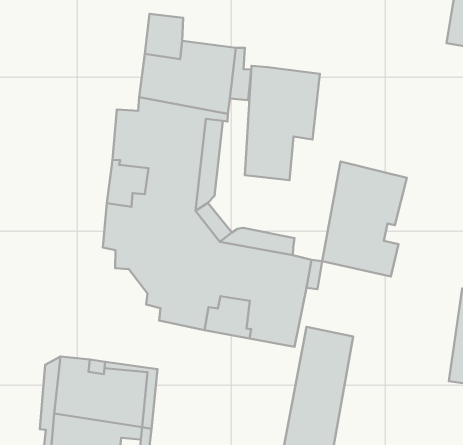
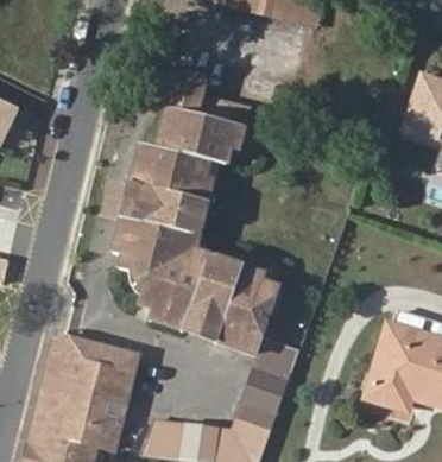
building: [245,66,320,180] -> none
building: [322,162,407,277] -> none

